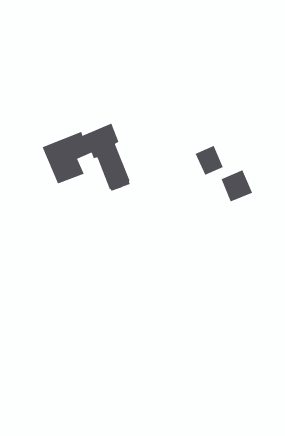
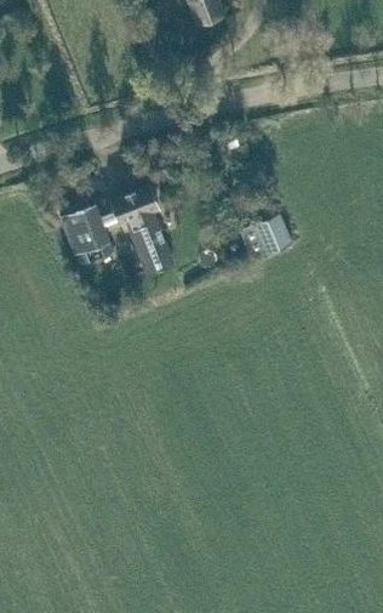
building: [220,169,253,202] -> none

